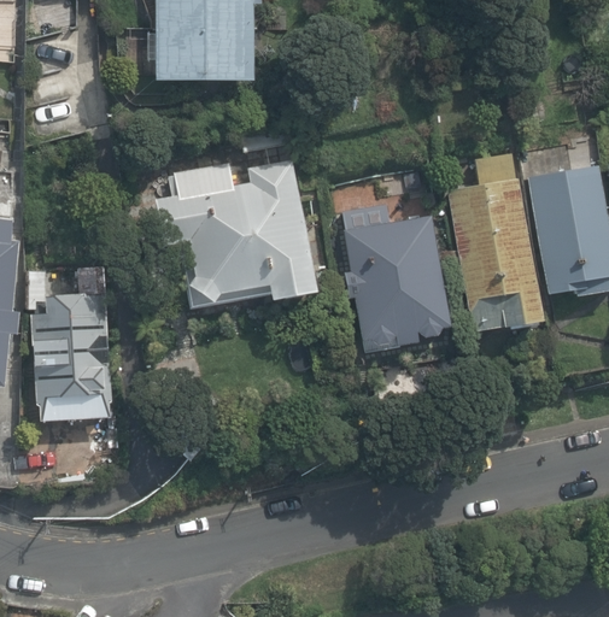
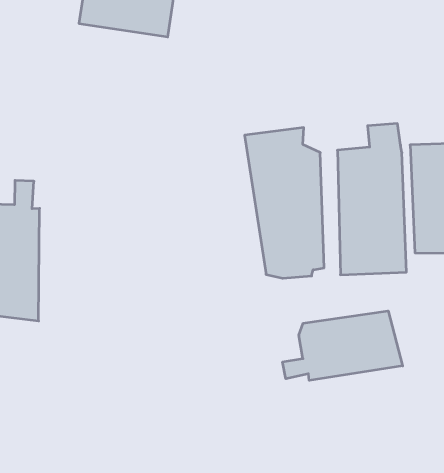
building: [157,151,330,310] -> none
building: none -> [283,311,403,380]

